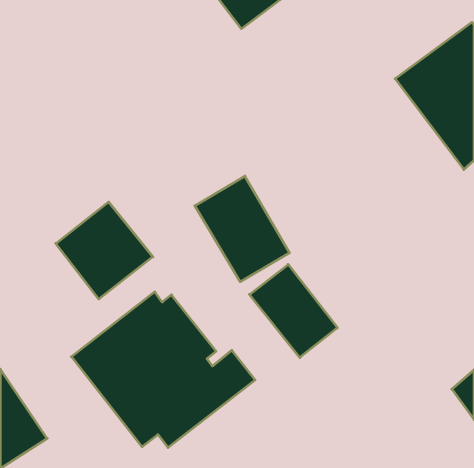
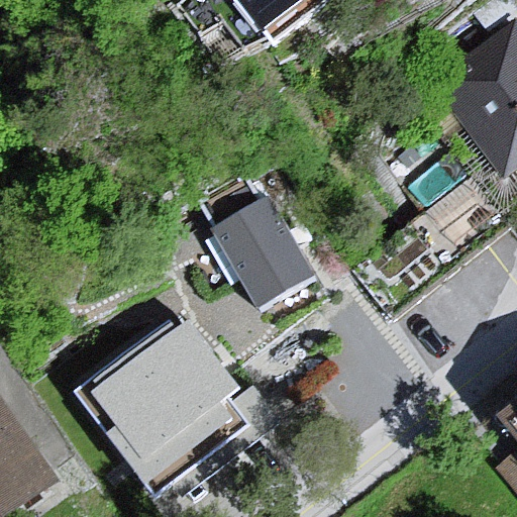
building: [56,202,153,299] -> none
building: [249,264,337,358] -> none

